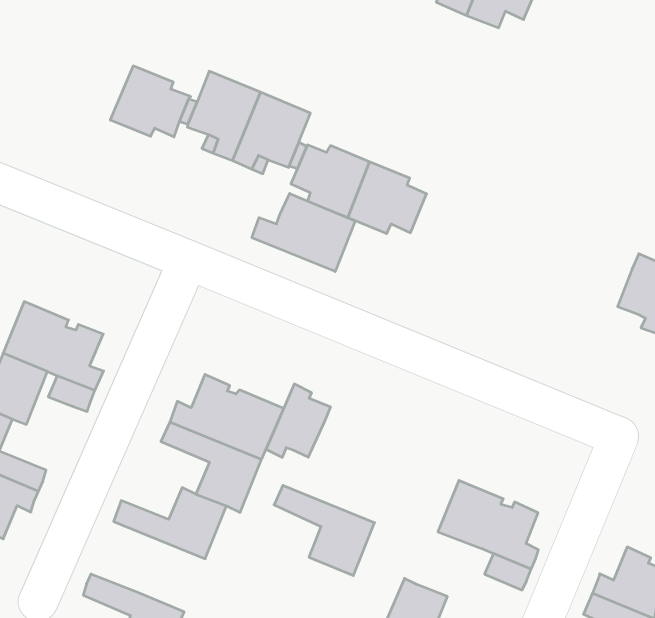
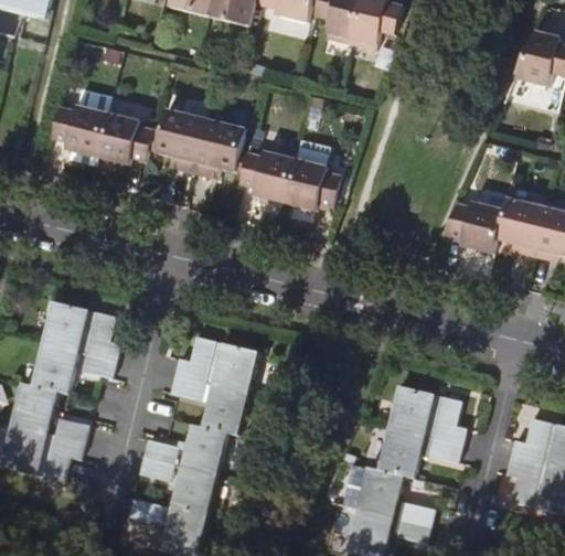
building: none -> [52,105,107,156]
building: [252,193,355,272] -> none
building: none -> [443,201,503,253]
building: [266,384,330,457] -> none
building: [274,485,375,576] -> [139,456,216,515]
building: none -> [377,427,423,477]

